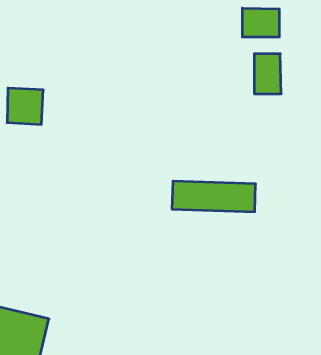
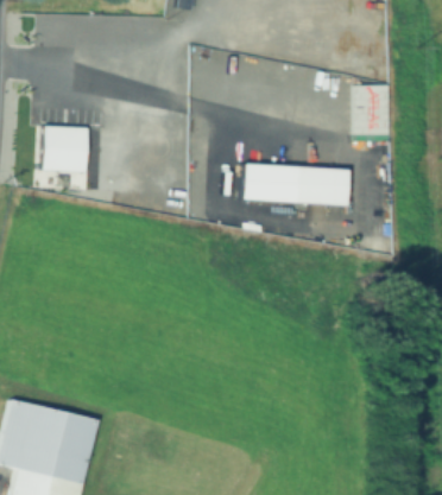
building: [242,8,279,37] -> none
building: [172,181,256,212] -> [246,163,353,202]

